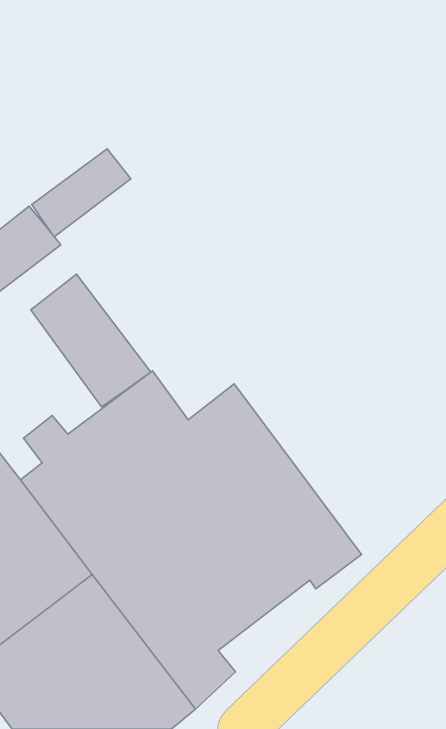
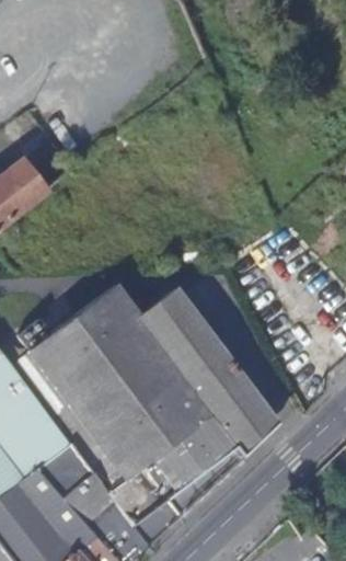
building: [32,149,131,237] -> none
building: [31,274,151,407] -> none

